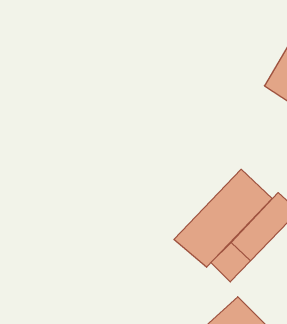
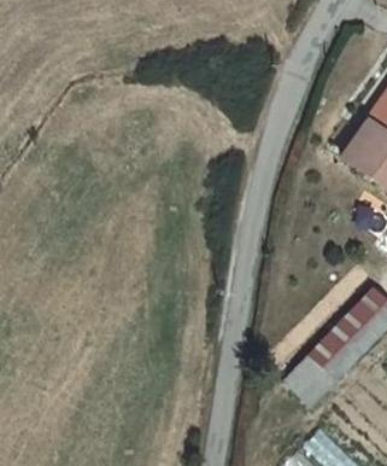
building: [174,169,272,267] -> none

